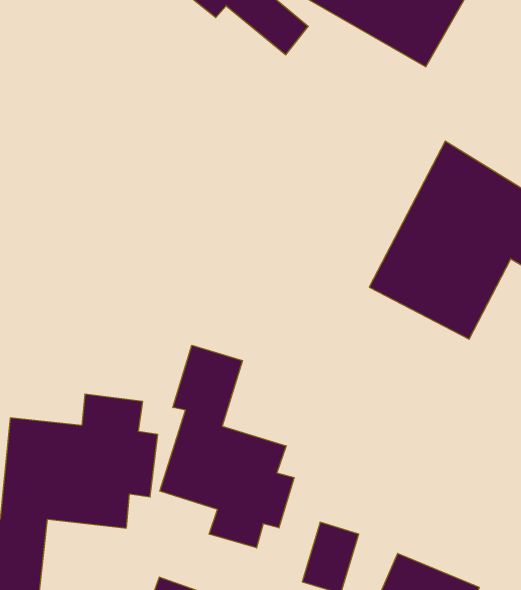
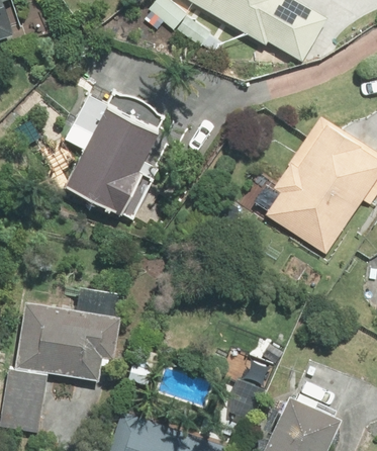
building: none -> [62,98,155,212]
building: [160,345,294,548] -> none

